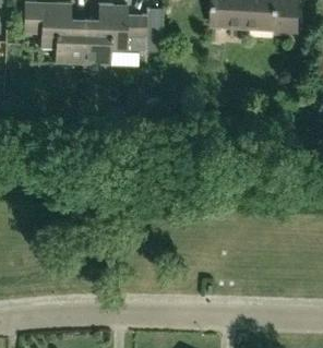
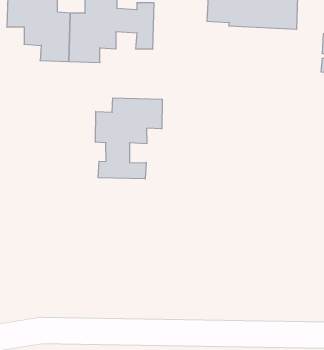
building: none -> [95,98,162,179]

